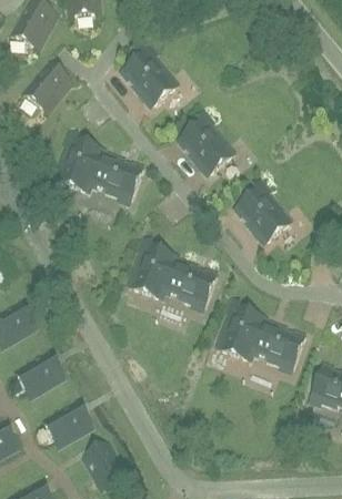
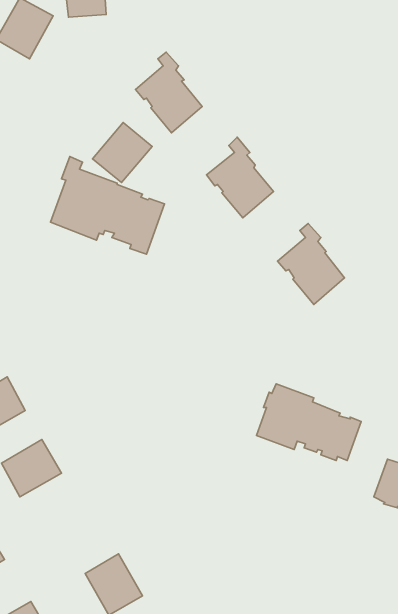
building: [23,64,71,112] -> [92,123,152,183]
building: [127,238,218,315] -> none
building: [43,403,91,448] -> none

